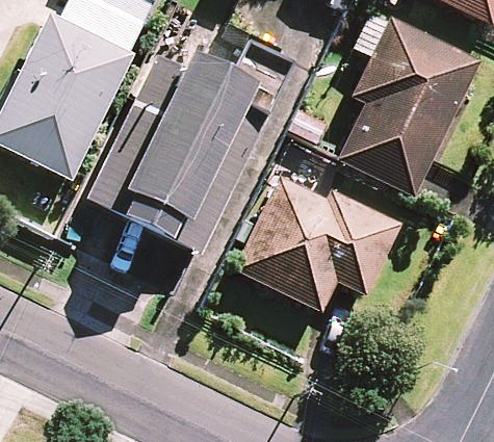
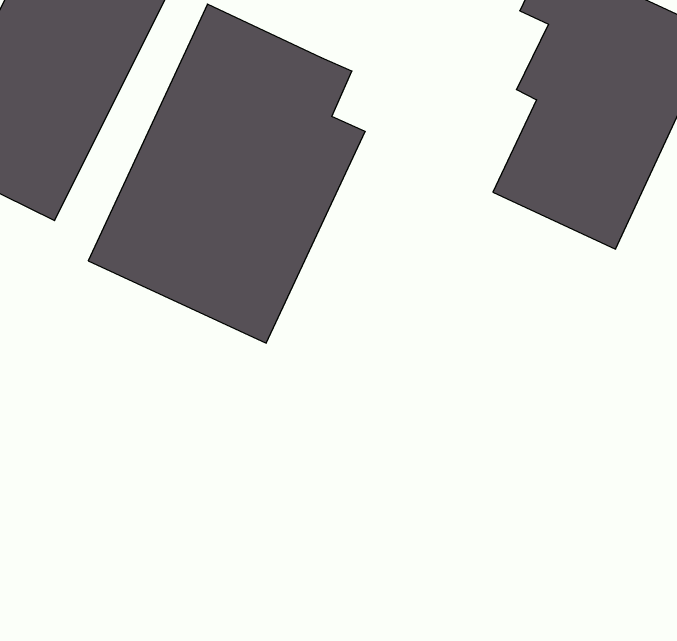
building: [236,178,401,310] -> none

